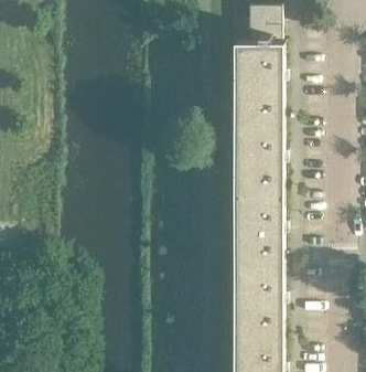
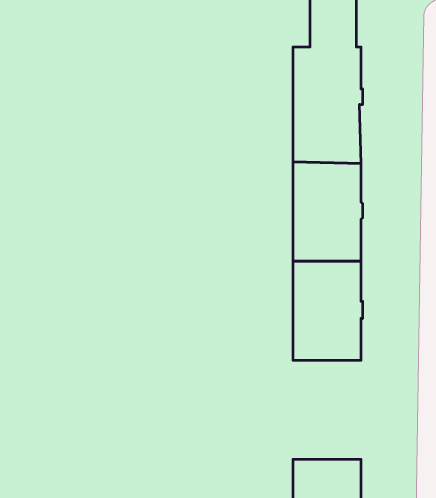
building: [236,264,286,334] -> none

